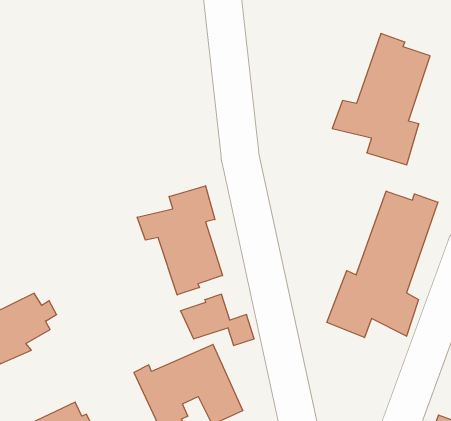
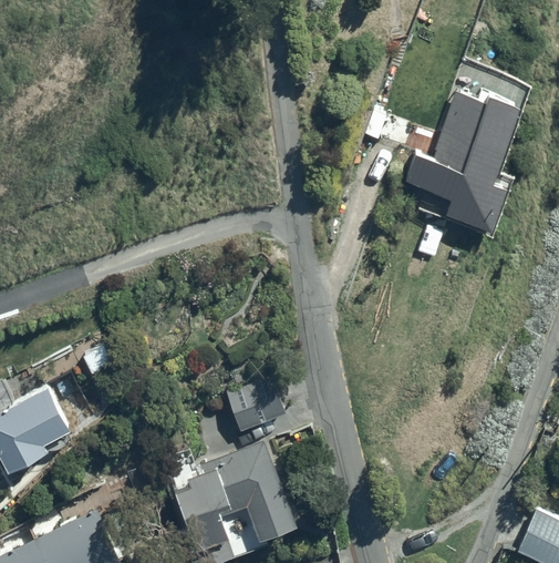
building: [137,186,222,295] -> none
building: [327,191,438,338] -> none

